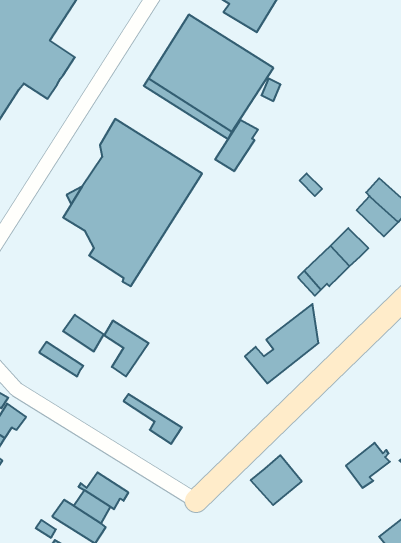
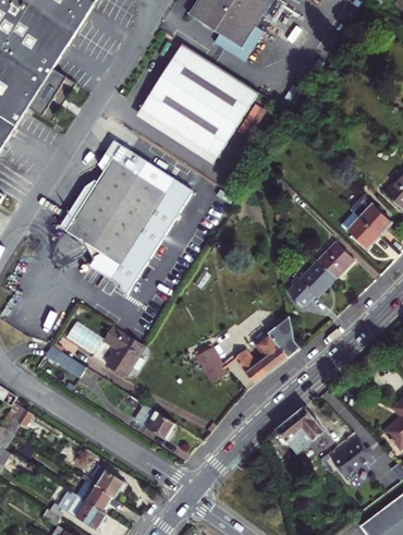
building: [215,120,258,171] -> none
building: none -> [196,345,228,382]
building: [251,455,302,505] -> [281,409,328,454]

